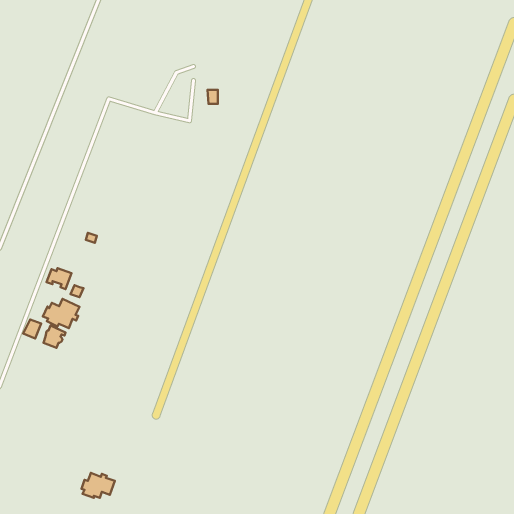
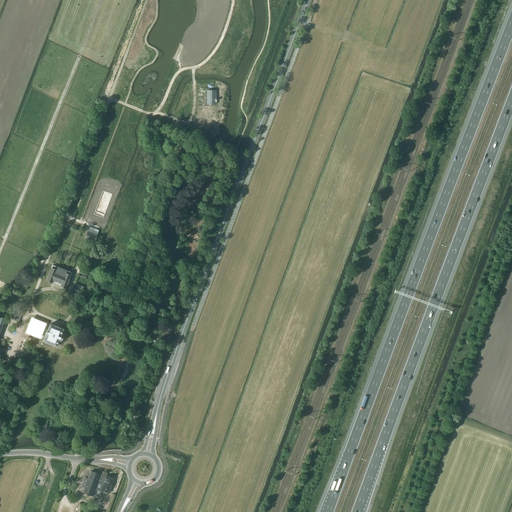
building: [43,299,80,328] -> none

